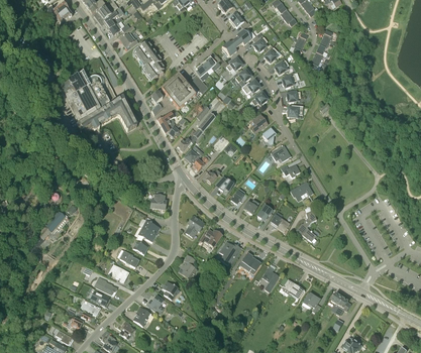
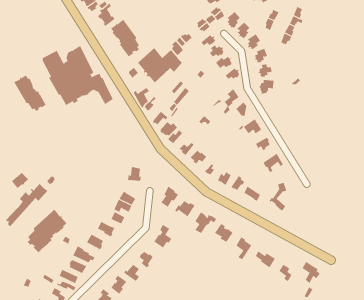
building: none -> [13,74,46,112]
building: none -> [27,209,68,253]

